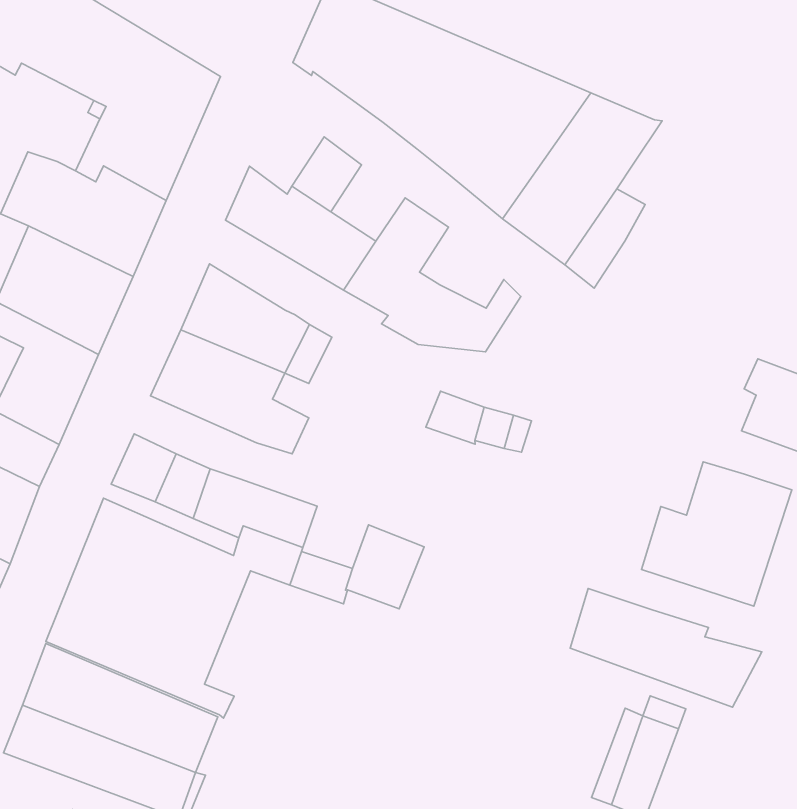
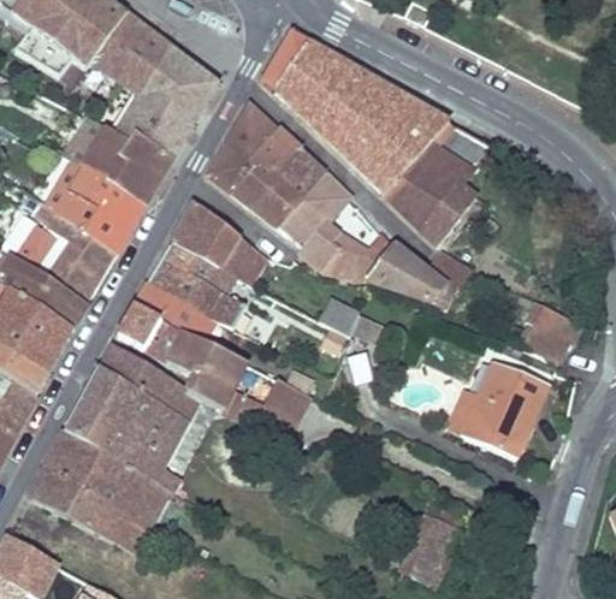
building: none -> [226,102,277,162]
building: none -> [276,149,324,198]
building: none -> [363,244,472,307]
building: none -> [135,280,212,339]
building: [570,589,762,707] -> none

